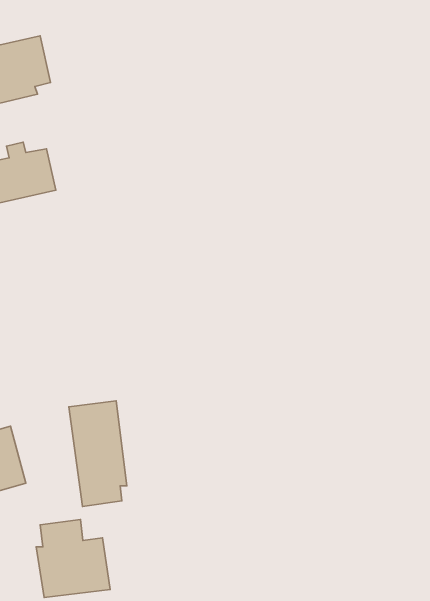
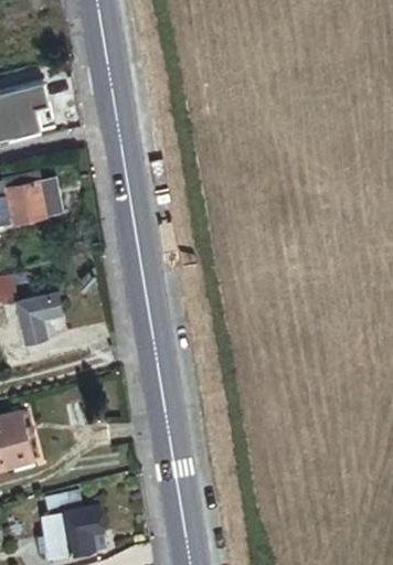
building: none -> [15,294,61,345]
building: [69,401,127,507] -> none

